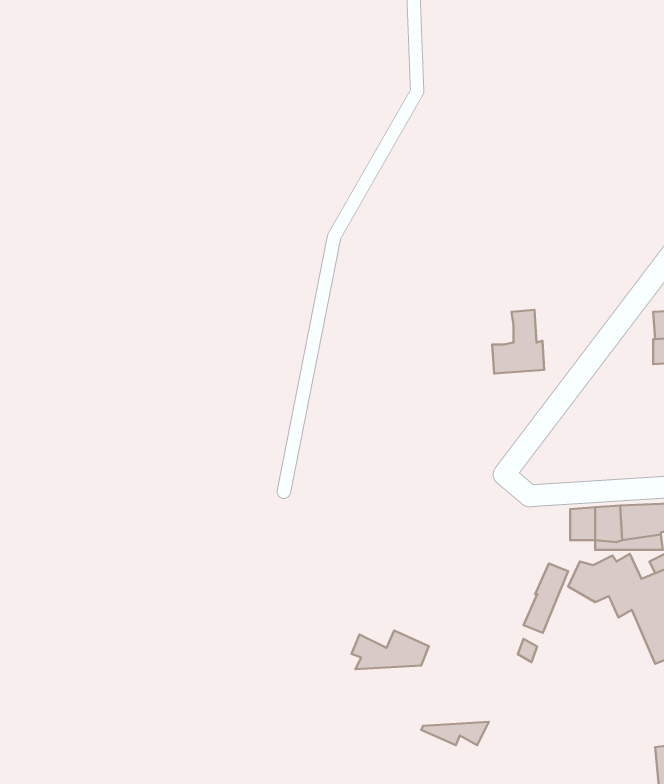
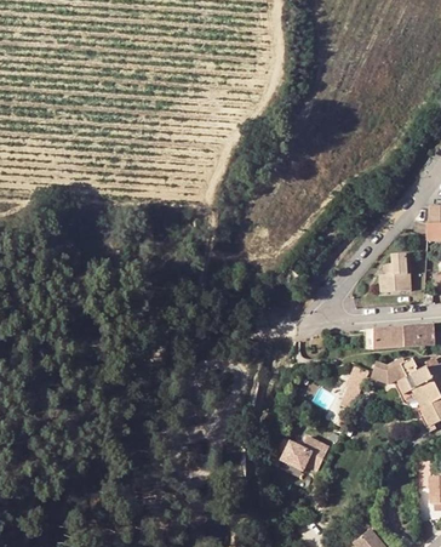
building: [492,310,544,374] -> [378,253,411,294]
building: [352,631,429,669] -> [280,440,328,465]

